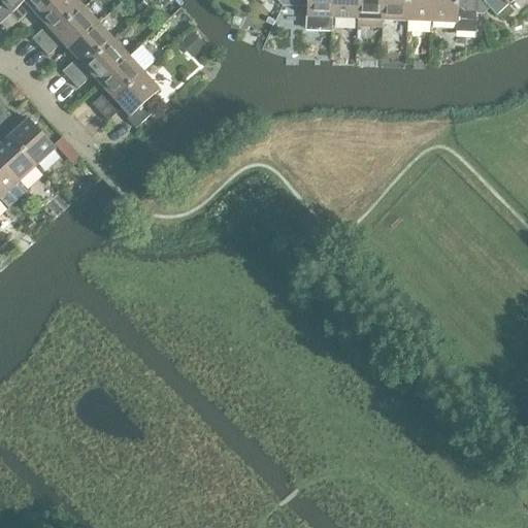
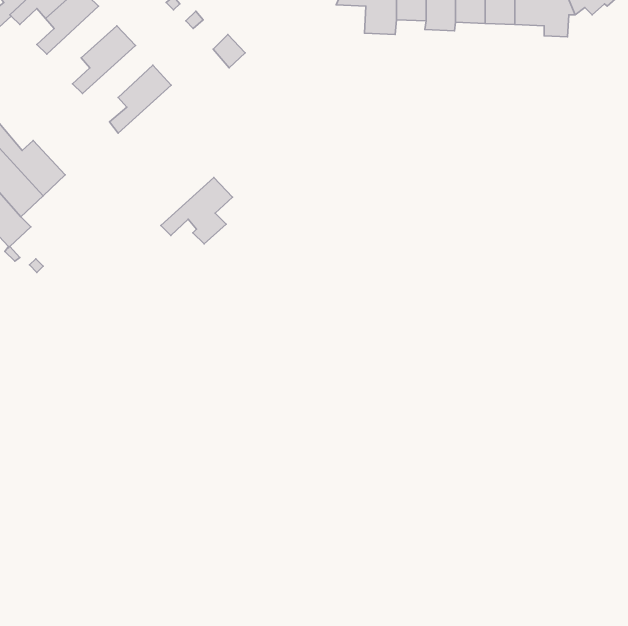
building: [39,5,98,54] -> none
building: [69,38,128,87] -> none
building: [99,71,159,127] -> [161,177,232,244]

